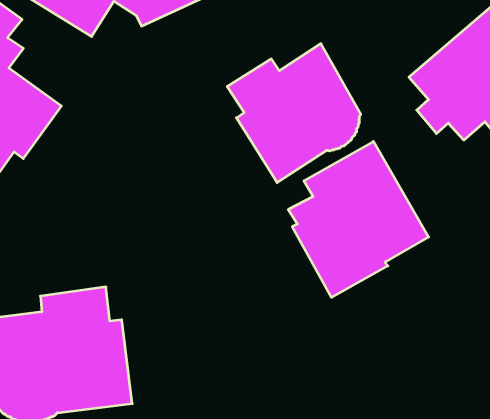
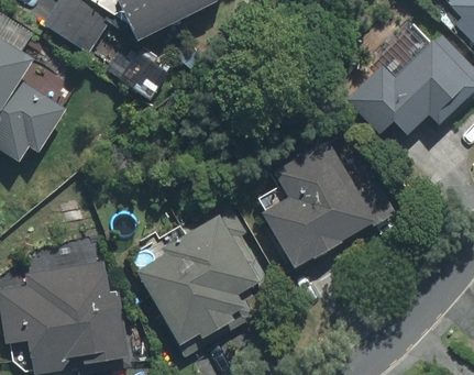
building: [227,44,361,183] -> none
building: none -> [128,205,256,343]

